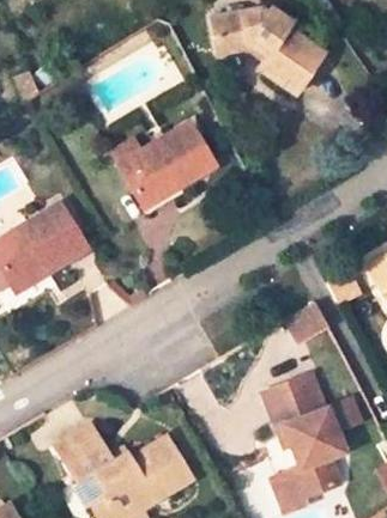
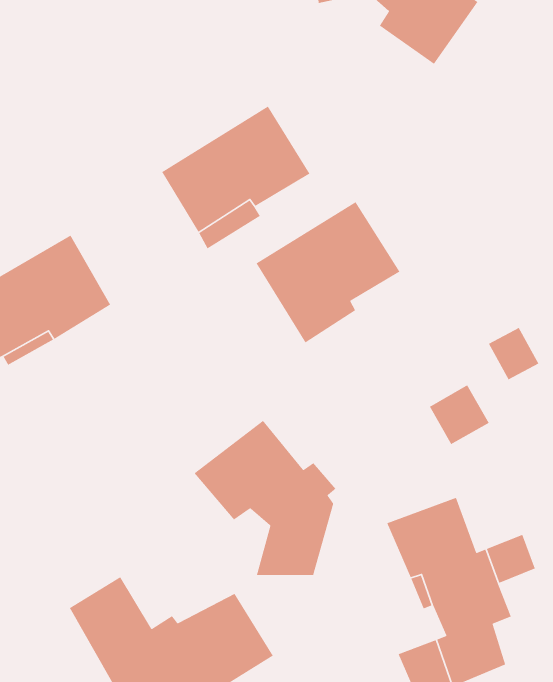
building: none -> [256,201,400,344]
building: none -> [193,420,337,576]

